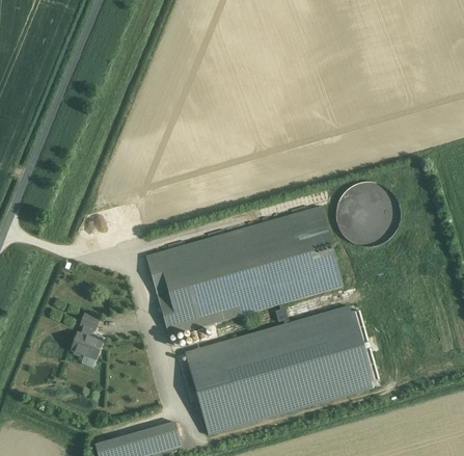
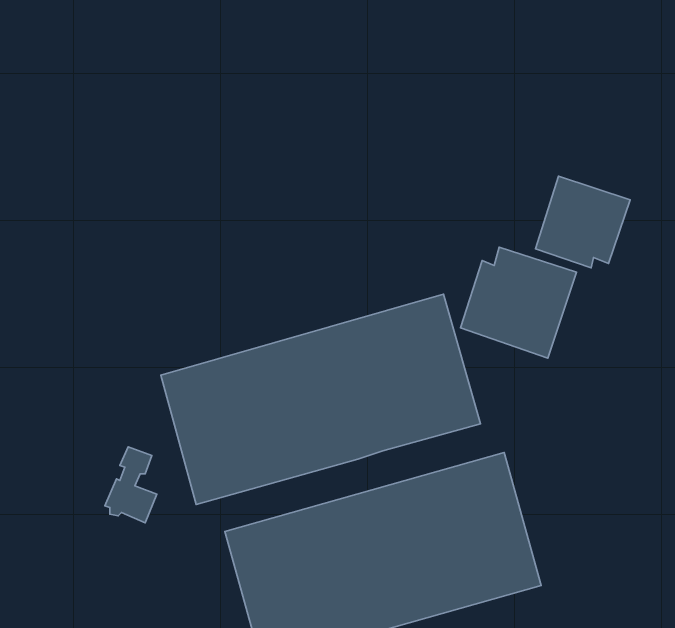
building: none -> [535,176,630,268]
building: [71,313,103,359] -> [105,447,157,523]

